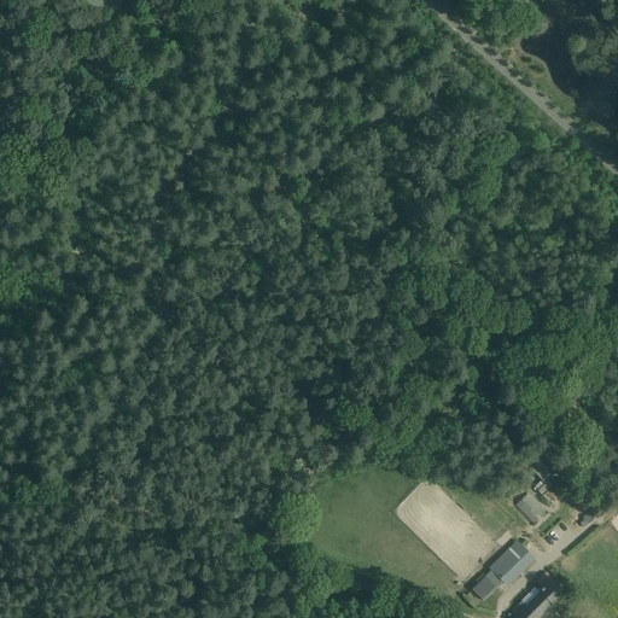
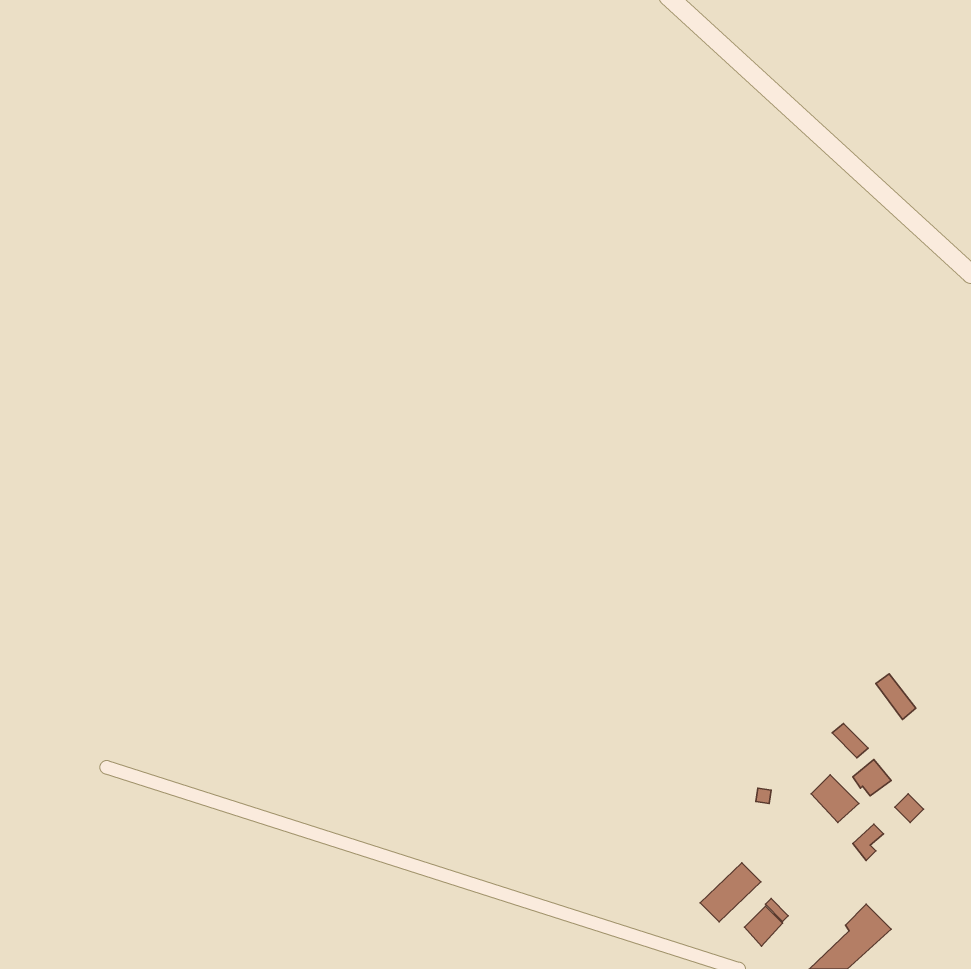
building: [494,544,532,582] -> [700,863,761,922]

